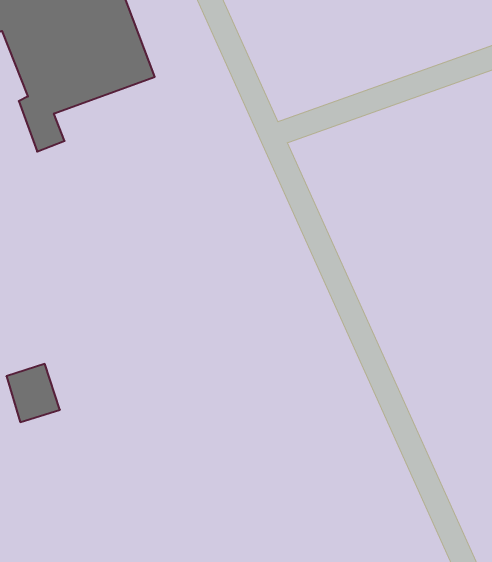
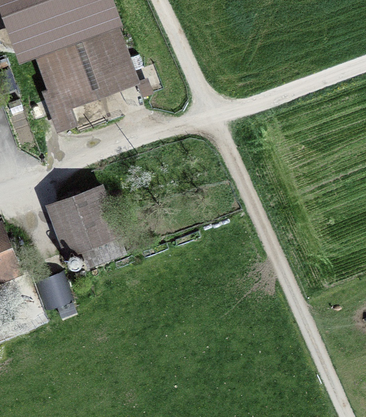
building: none -> [60,186,123,264]

